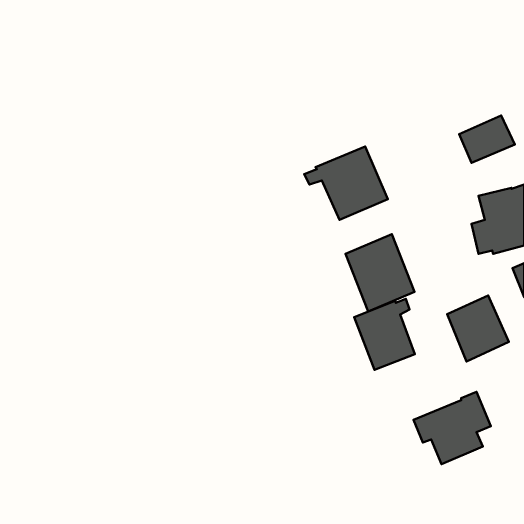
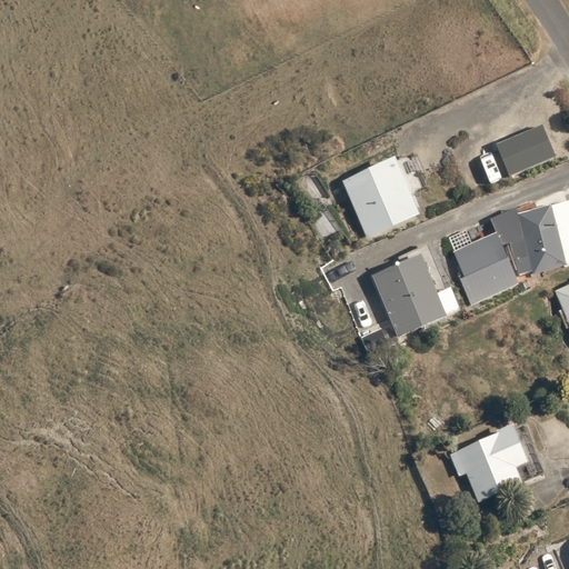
building: [447,295,509,361] -> [451,231,518,302]
building: [354,299,415,370] -> none

